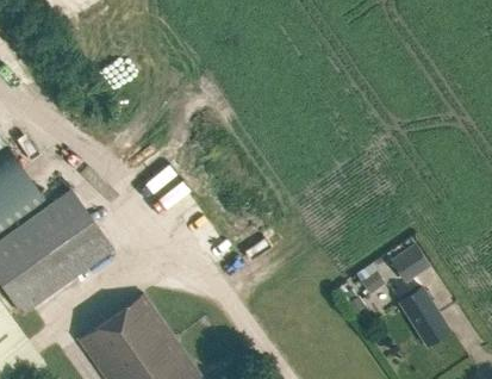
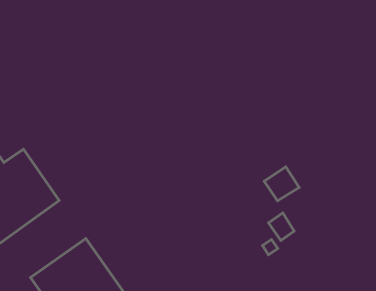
building: [387,242,428,281] -> [264,167,299,201]
building: [399,291,448,346] -> none

